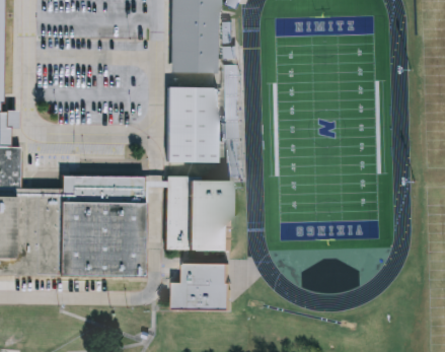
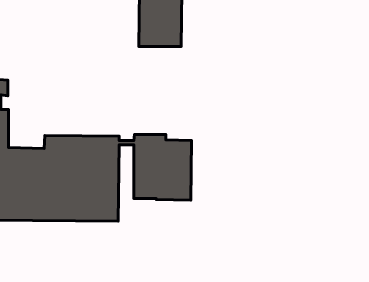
building: [165,85,219,161] -> none
building: [169,261,229,308] -> none

